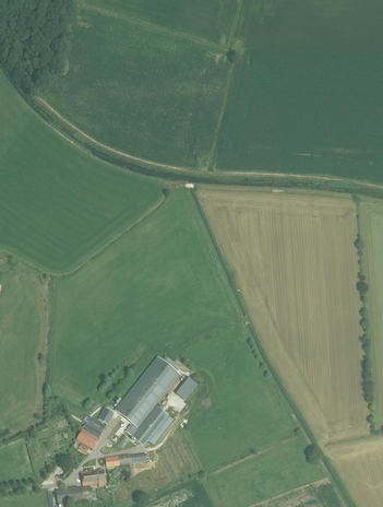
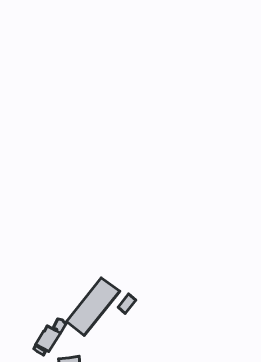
building: [131,405,168,447] -> none

